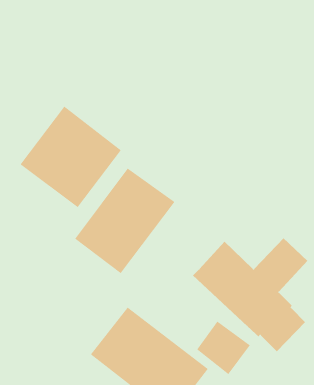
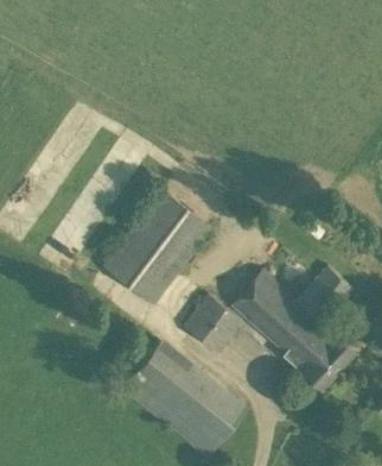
building: [20,106,122,208] -> none
building: [196,321,251,375] -> [182,295,240,353]

